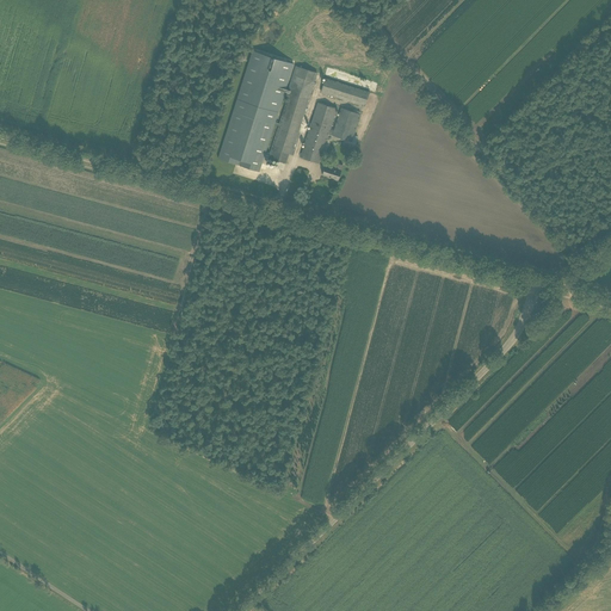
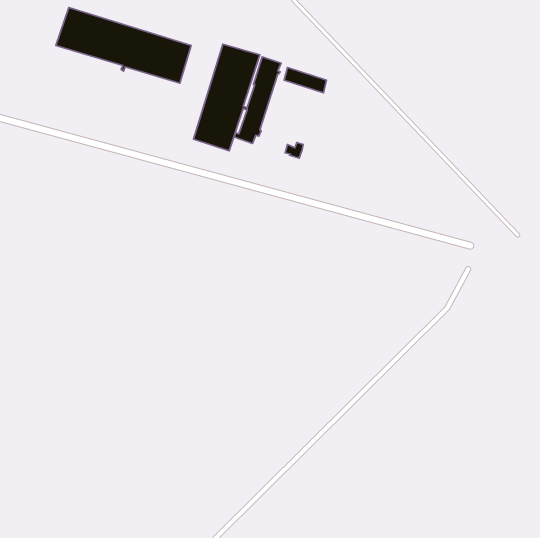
building: none -> [56,8,191,83]
building: [300,100,360,162] -> none

